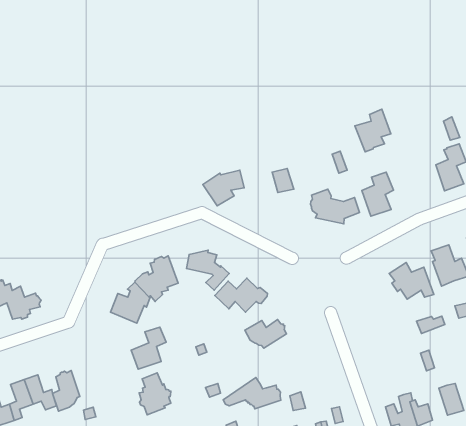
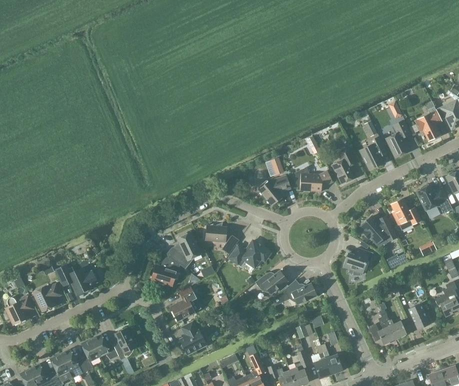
building: [355,109,391,152] -> [359,136,387,170]
building: [203,170,244,206] -> [258,176,290,205]
building: none -> [343,248,372,274]
building: [223,378,281,409] -> [272,280,316,304]

